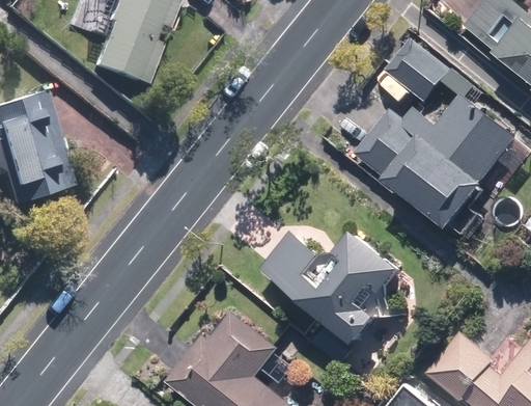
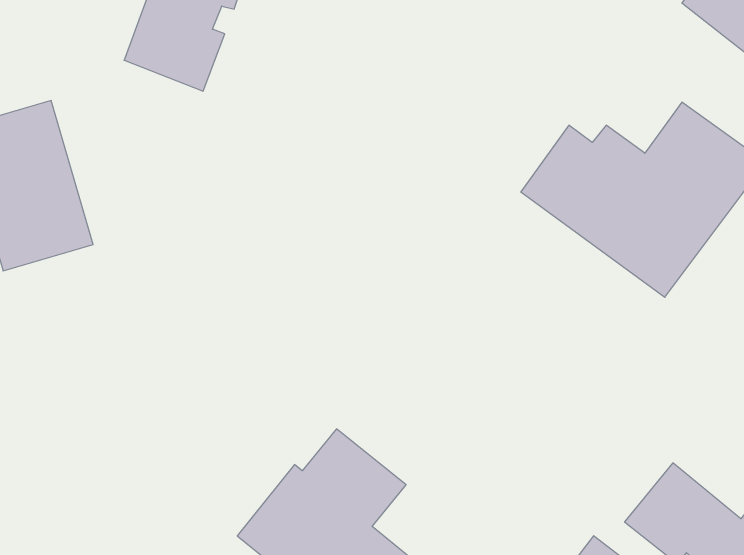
building: [383,39,448,103] -> none
building: [258,226,413,344] -> none

